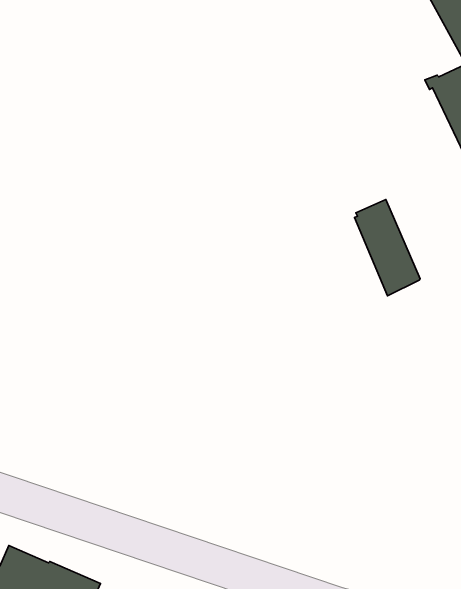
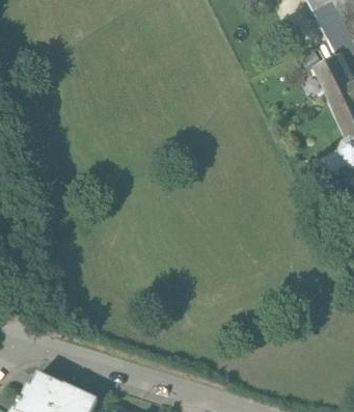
building: [354,200,420,296] -> none

